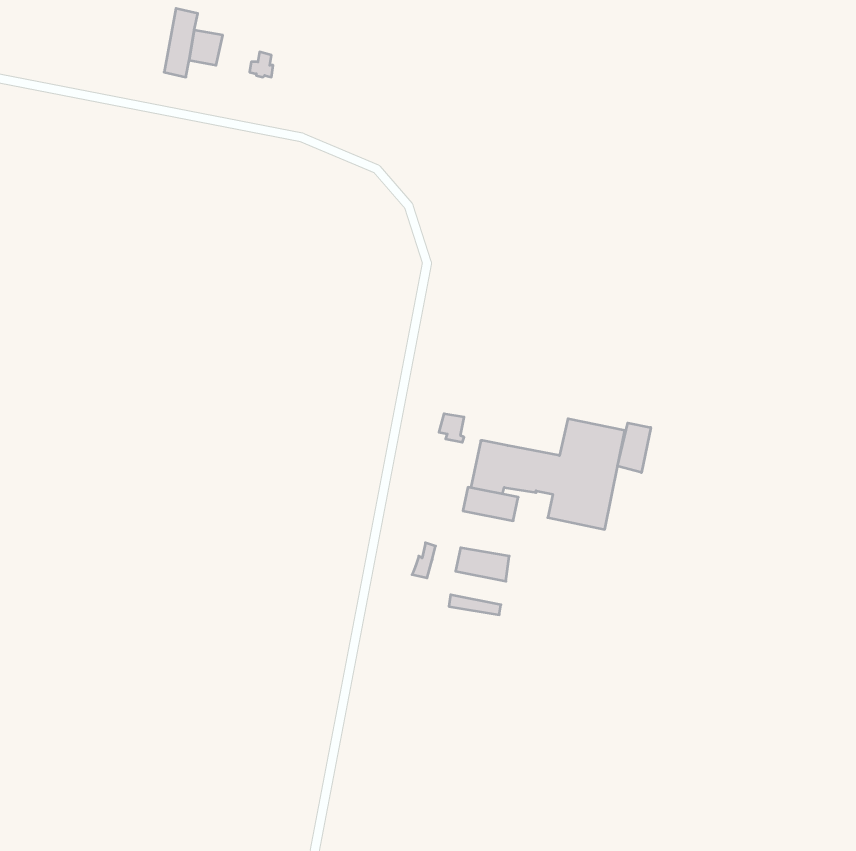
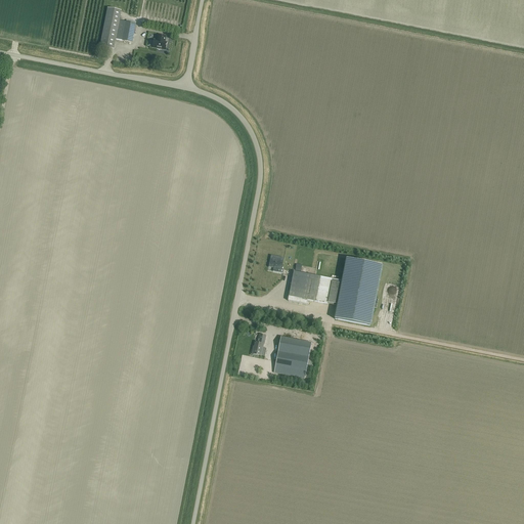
building: [618,423,651,473] -> none
building: [463,487,518,521] -> [275,349,309,369]

